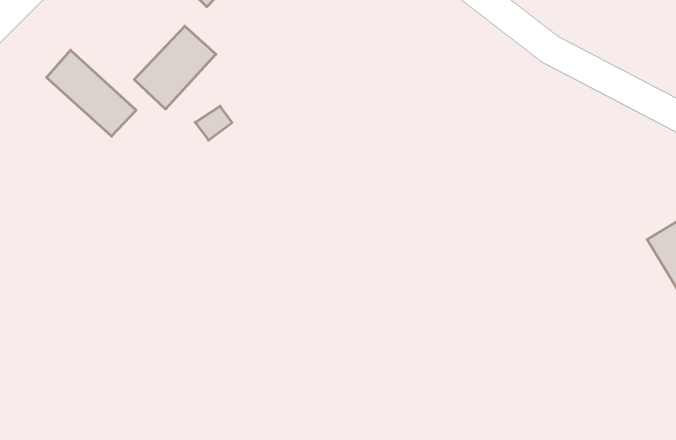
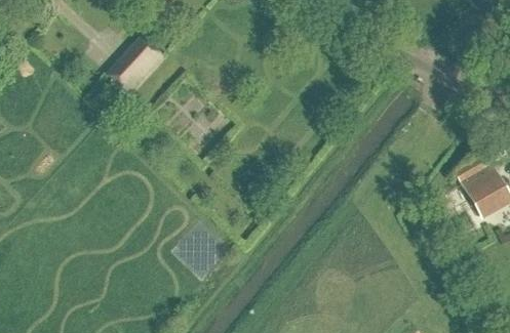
building: [47,50,136,136] -> none

